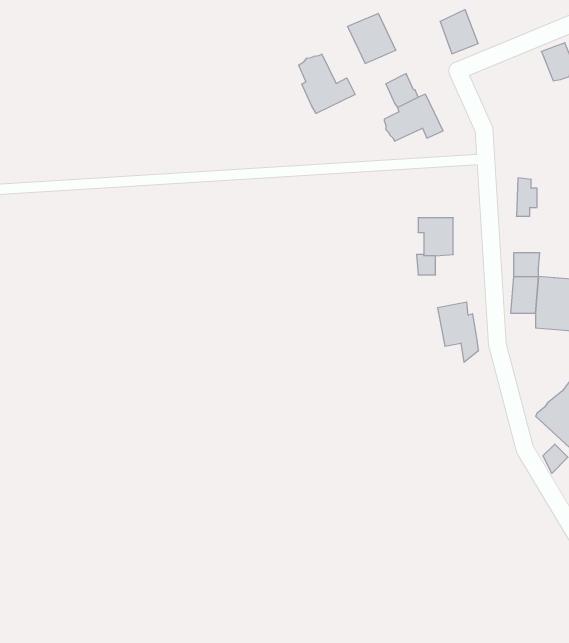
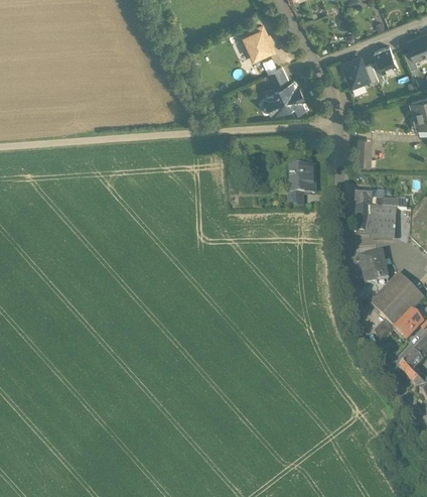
building: [440,10,478,54] -> [343,55,370,86]
building: [299,54,355,113] -> none
building: [437,302,479,362] -> [361,251,389,292]

